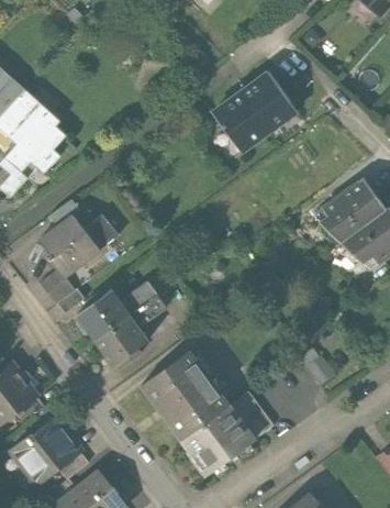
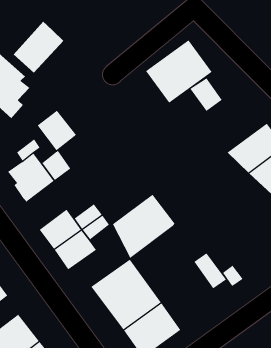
building: none -> [13,21,64,73]
building: none -> [189,78,223,112]
building: none -> [37,110,77,151]
building: none -> [112,194,175,259]
building: [38,272,82,313] -> none
building: [231,393,272,439] -> [194,252,227,289]

